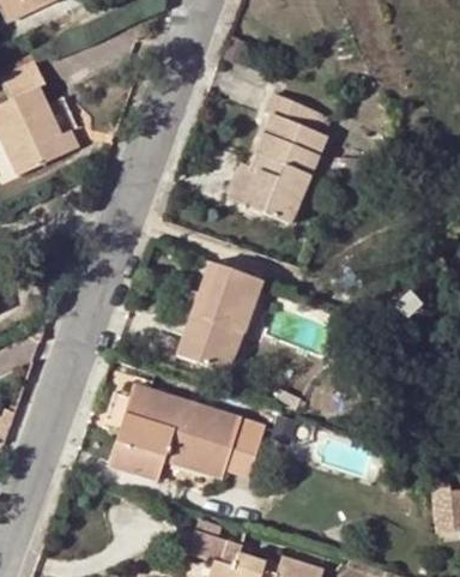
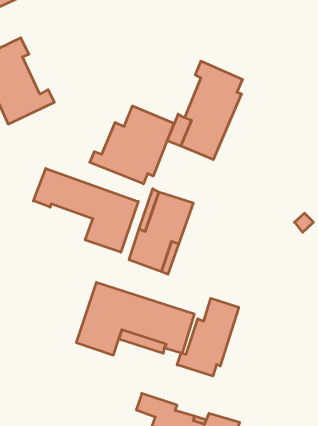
building: none -> [90,106,174,184]
building: none -> [33,168,138,252]
building: none -> [177,298,239,376]

